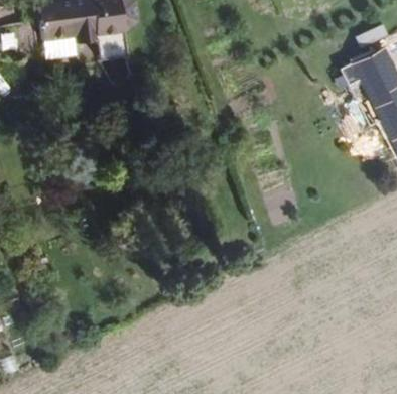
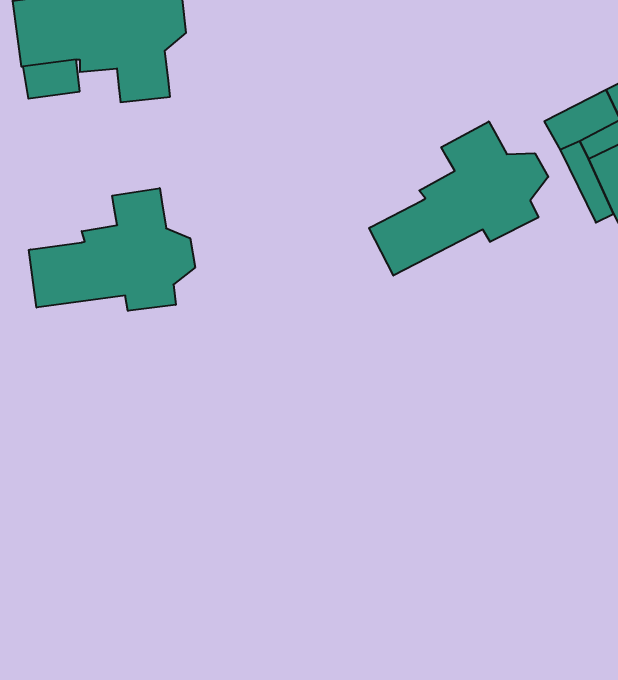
building: none -> [369,121,548,276]
building: none -> [29,188,195,311]

